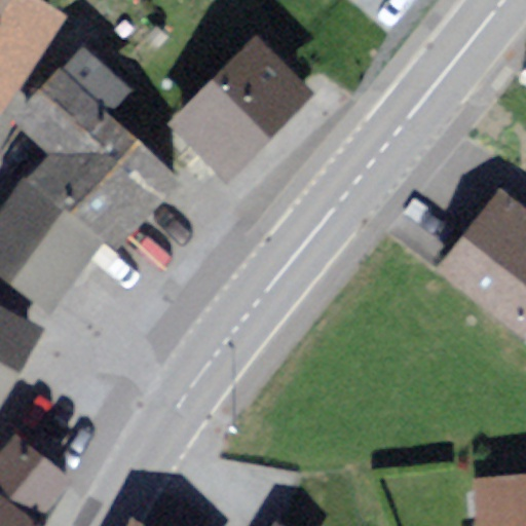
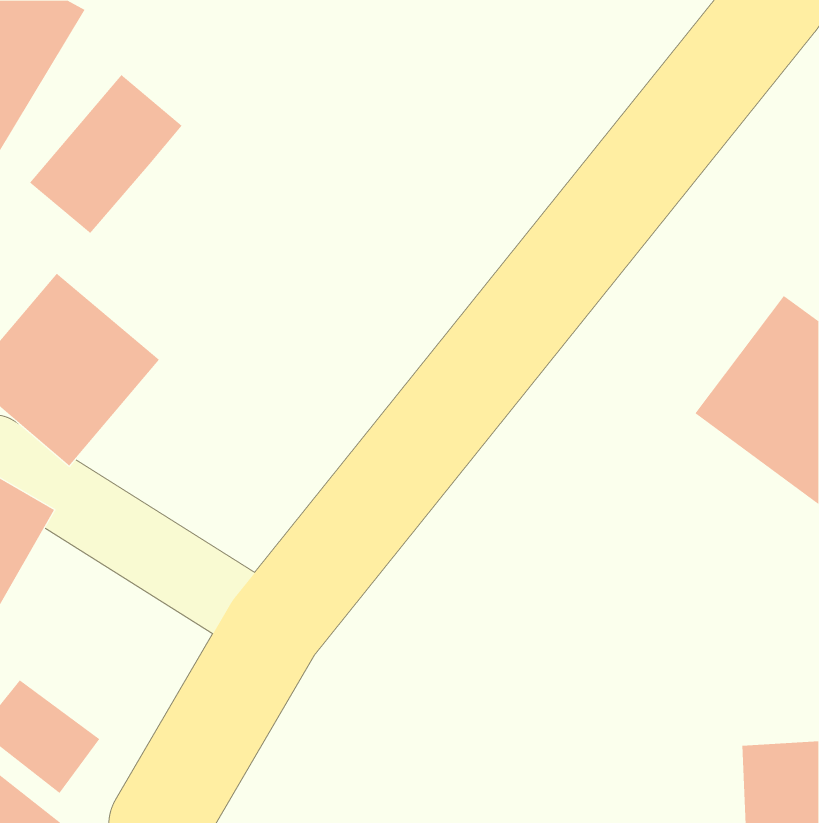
building: [175,37,305,167] -> none
building: [36,106,171,239] -> none

